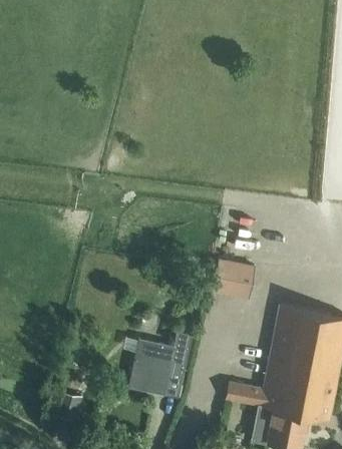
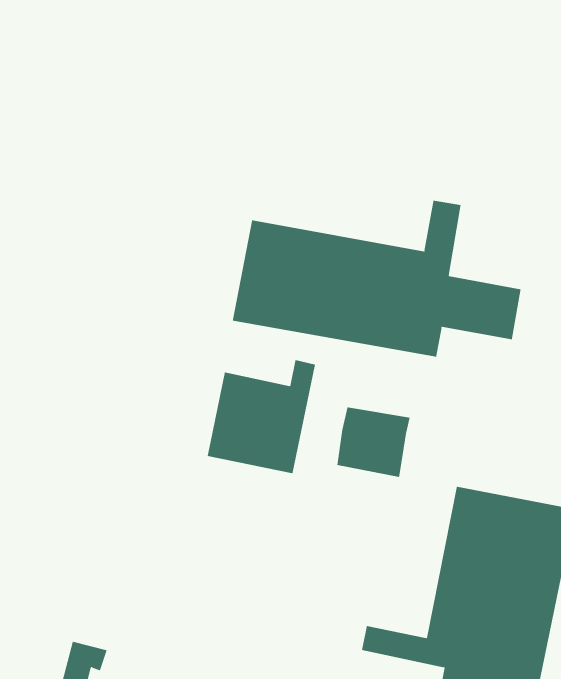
building: none -> [232,200,521,357]
building: [129,333,192,398] -> [207,359,316,474]

